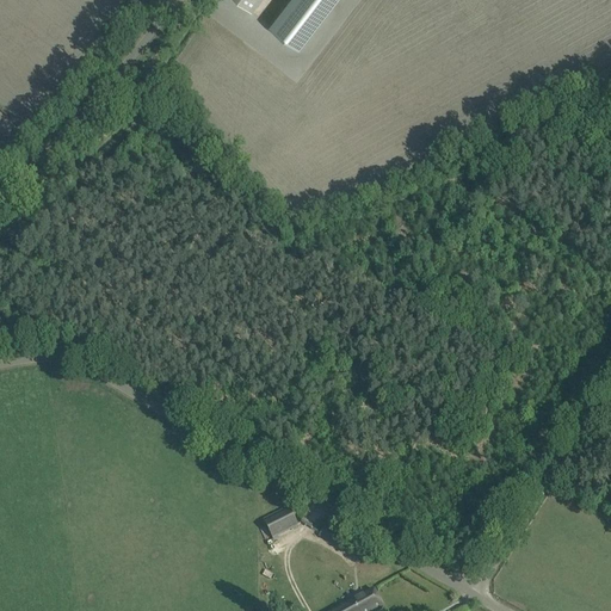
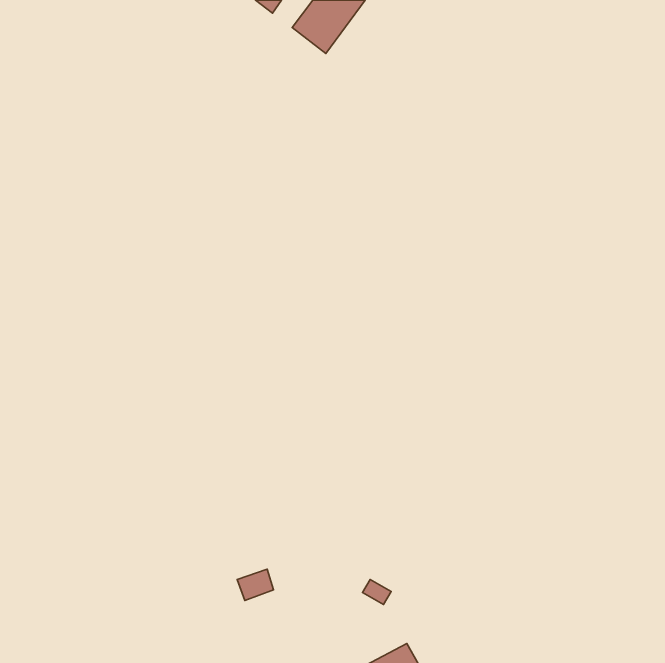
building: [264,512,297,541] -> [237,569,274,600]

